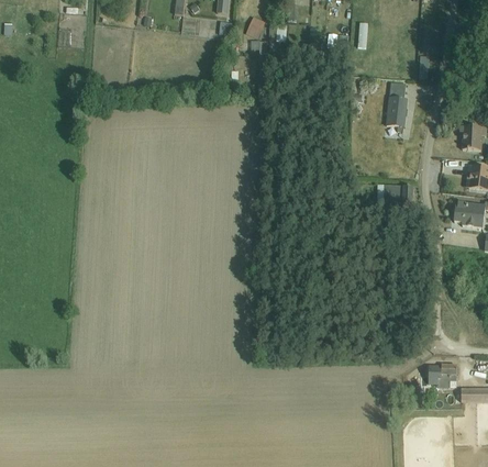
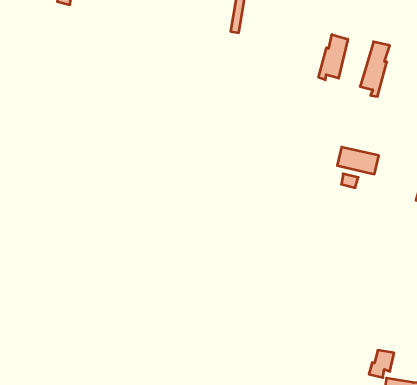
building: none -> [319,34,348,80]

